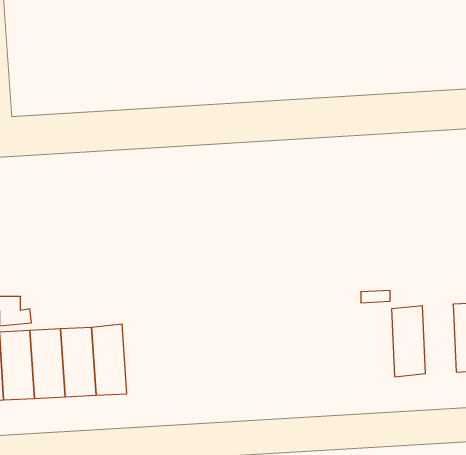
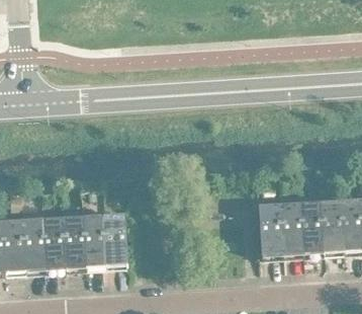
building: none -> [301,207,324,252]
building: none -> [260,210,283,256]
building: none -> [104,219,128,265]

